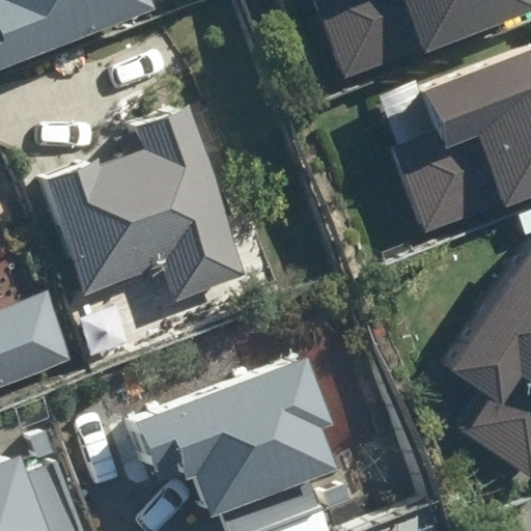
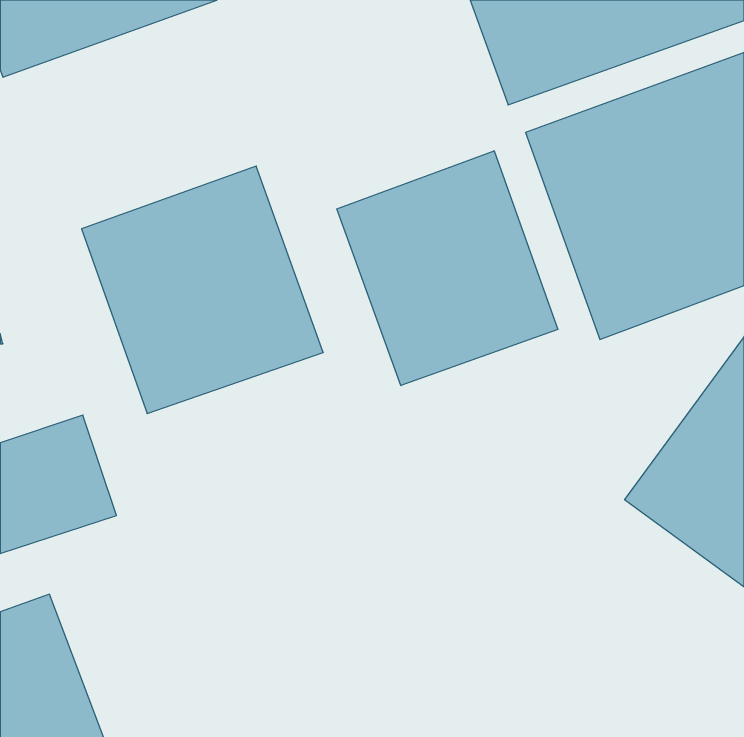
building: none -> [337,151,558,386]
building: [157,347,347,505] -> none

